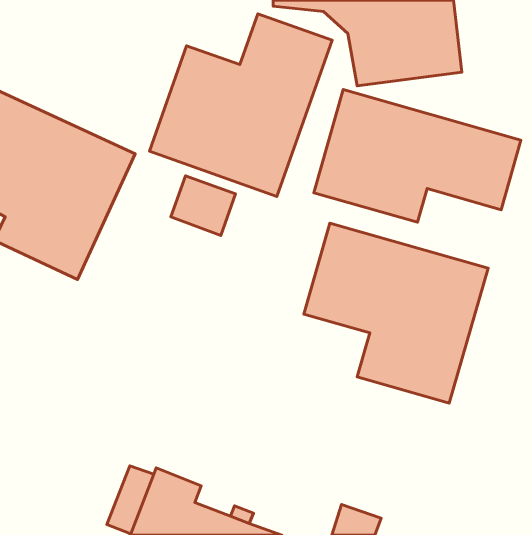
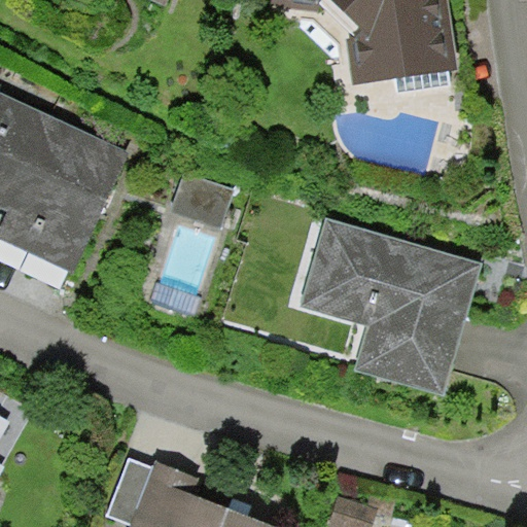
building: [149,14,332,196] -> none
building: [314,89,521,222] -> none

